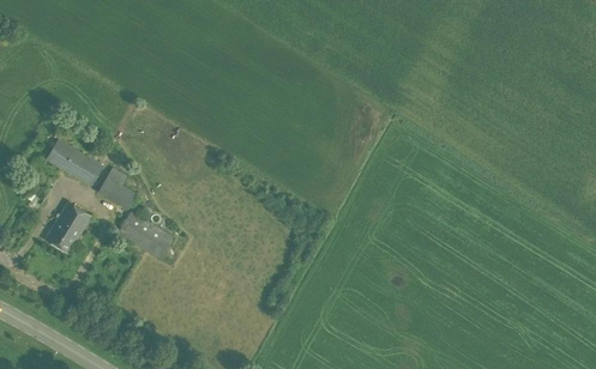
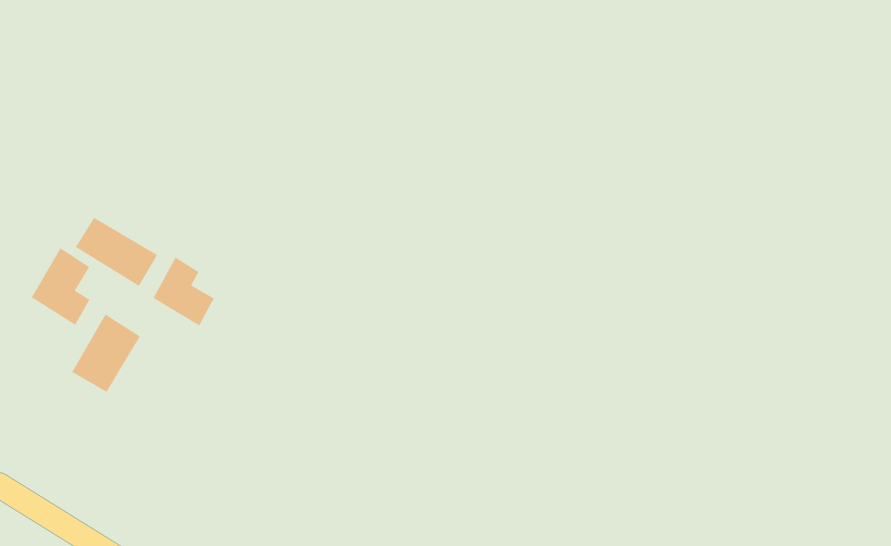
building: none -> [31,247,90,326]
building: [116,211,174,260] -> none

